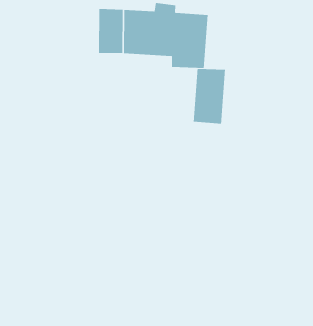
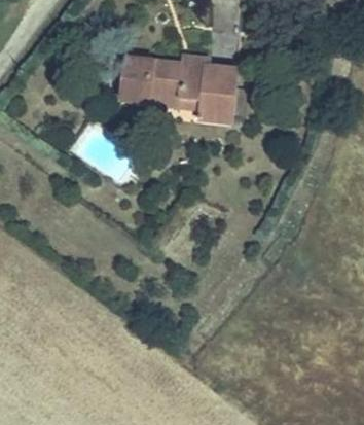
building: [193,68,226,125] -> none

